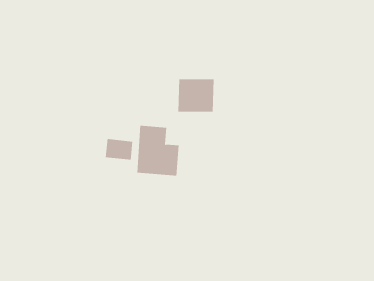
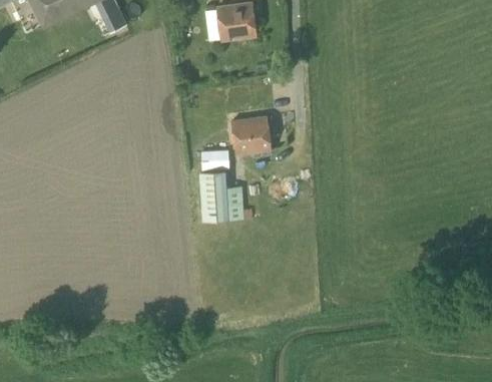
building: [105,139,133,160] -> [200,150,228,170]

